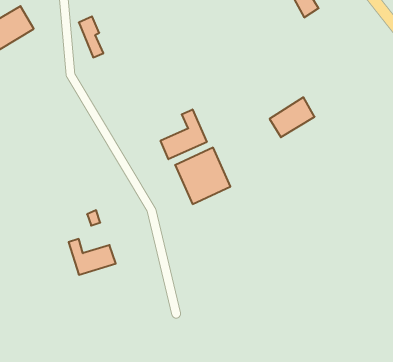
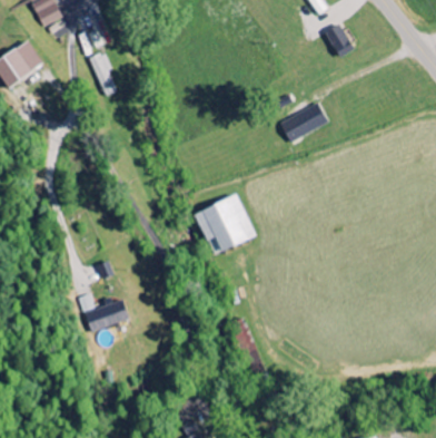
building: [270,97,315,137] -> [280,101,329,145]
building: [161,109,207,159] -> none

